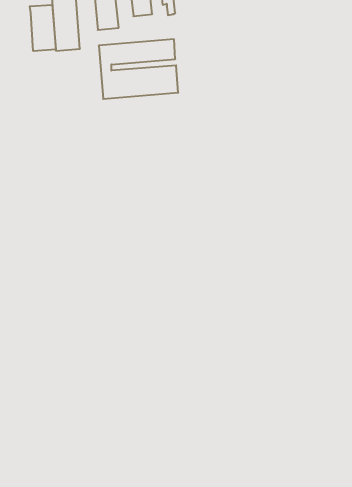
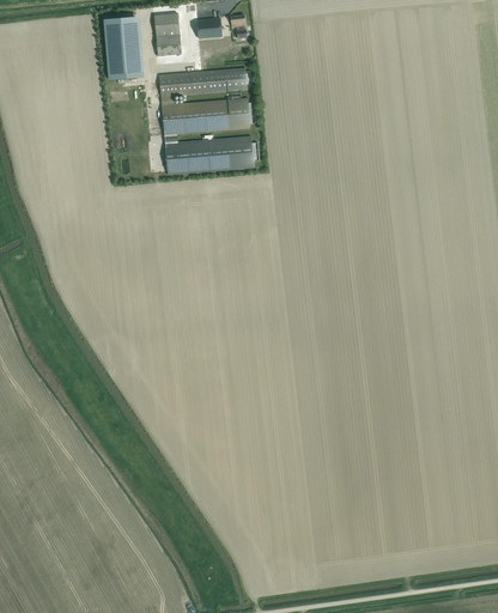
building: [30,5,56,51] -> none
building: none -> [165,133,254,166]

